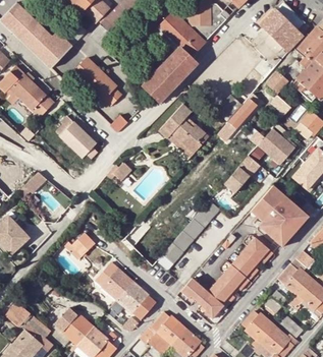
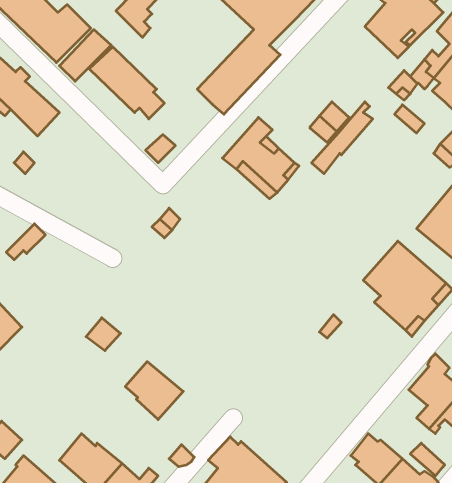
building: [56,116,98,159] -> none
building: [259,127,294,162] -> none
building: [224,155,260,192] -> none
building: [157,199,220,271] -> none
building: [181,237,272,317] -> none
building: [117,282,158,321] -> none

